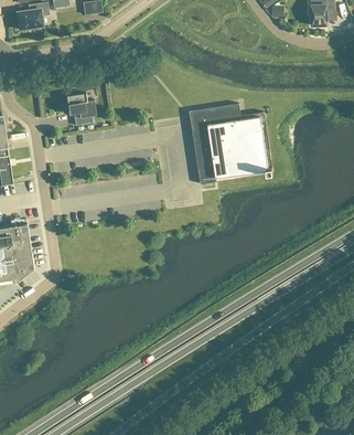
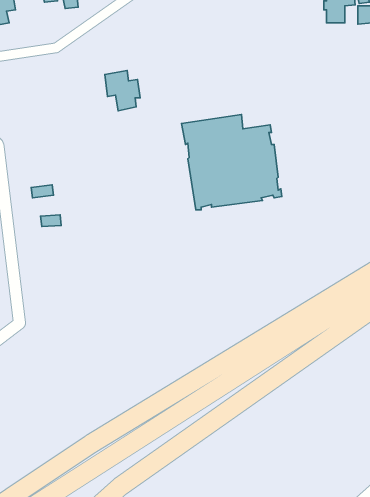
building: [66,93,96,127] -> [105,70,140,111]

